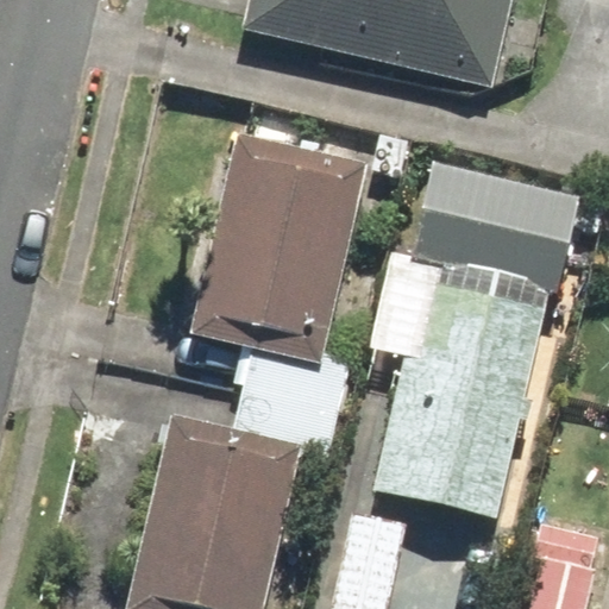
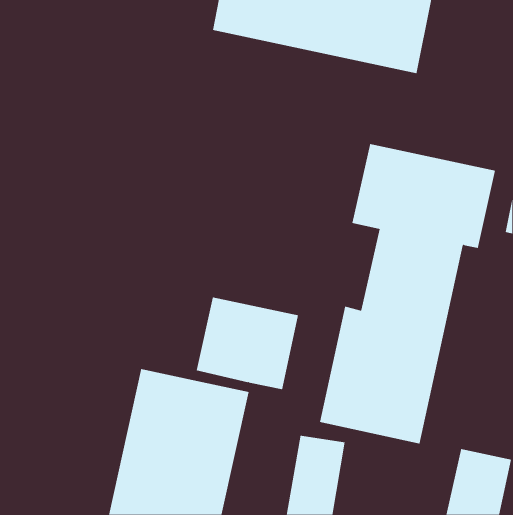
building: [183,120,364,345] -> none

